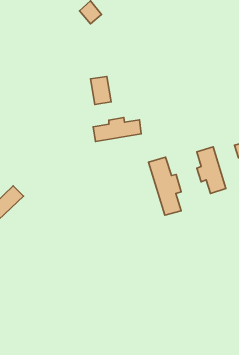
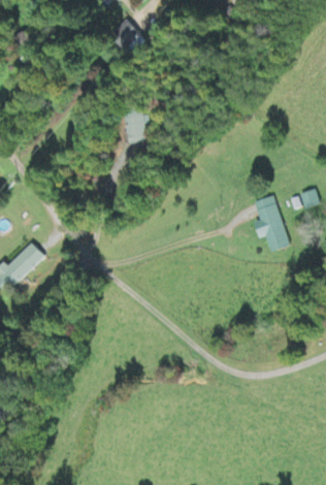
building: [93,118,141,142] -> none
building: [148,157,181,215] -> none

